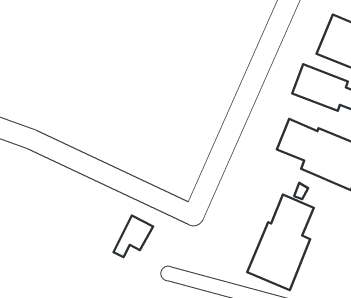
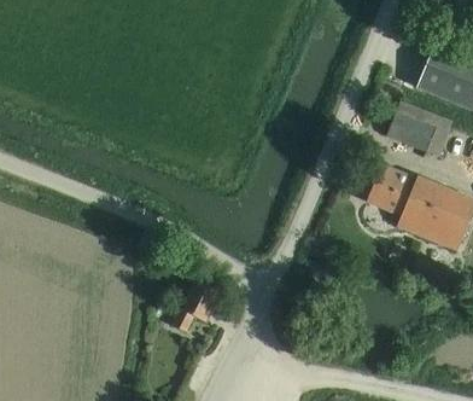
building: [247,194,314,290] -> none

